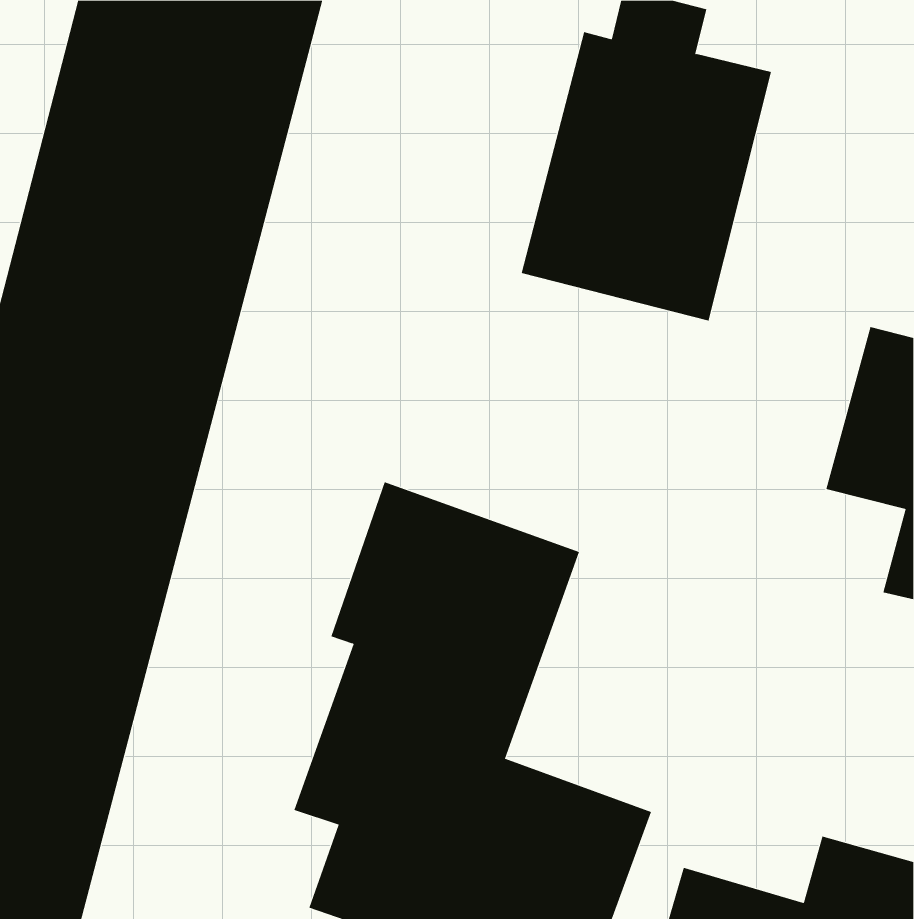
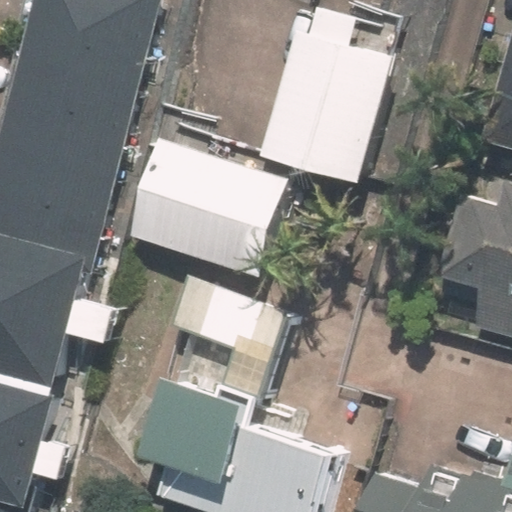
building: none -> [141,142,316,280]

